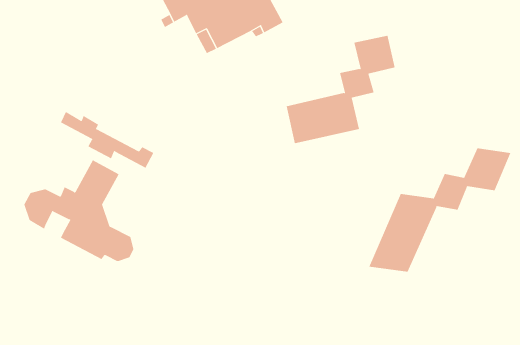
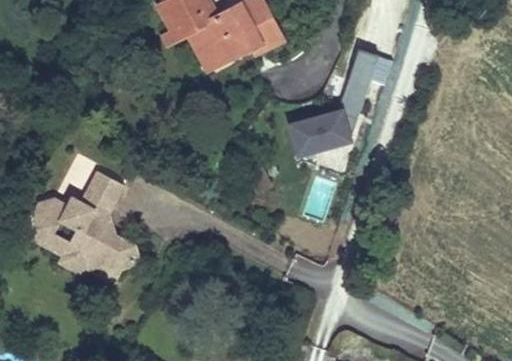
building: [60,111,154,169] -> [33,229,123,284]
building: [368,148,511,273] -> none

